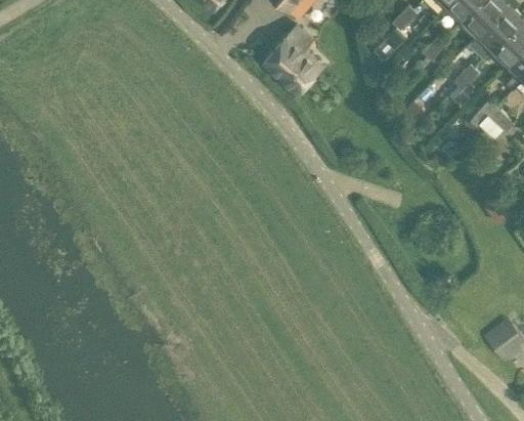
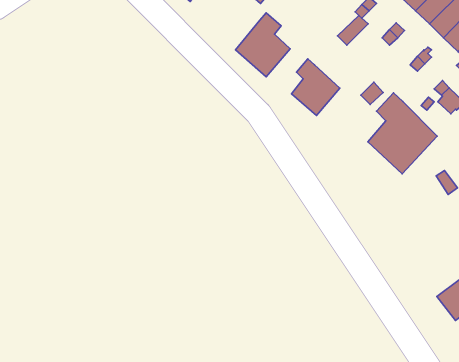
building: none -> [291,59,340,115]
building: none -> [368,93,437,174]

